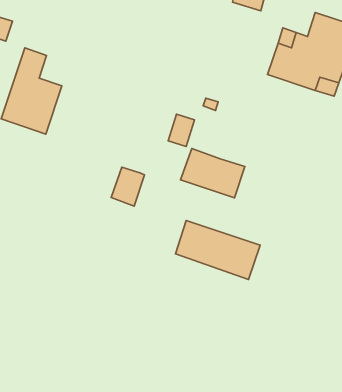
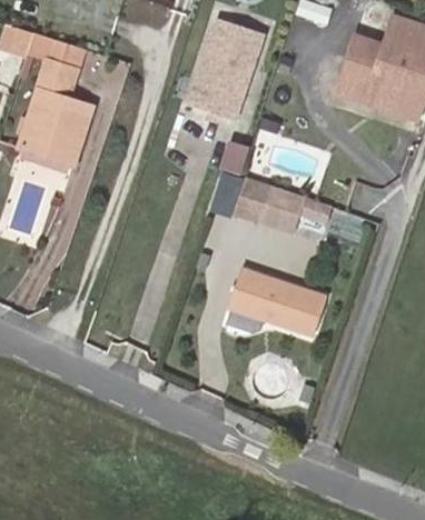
building: none -> [188,21,264,123]
building: none -> [29,31,85,71]
building: [111,167,144,206] -> [207,171,246,217]

